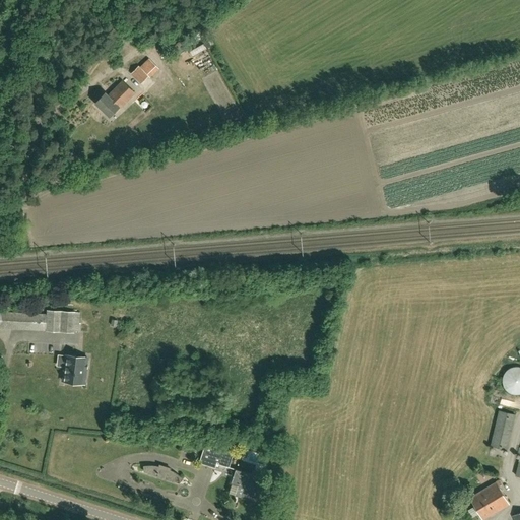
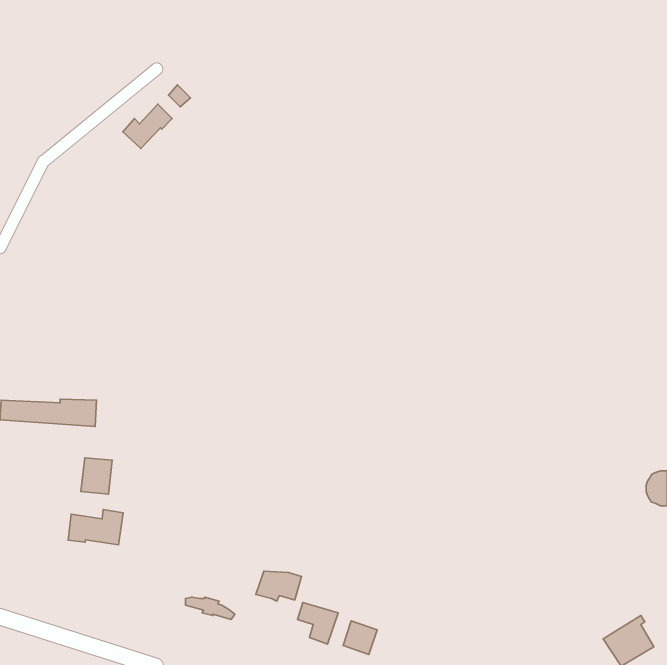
building: none -> [68,509,123,545]
building: [491,411,515,451] -> none
building: none -> [343,621,377,654]

